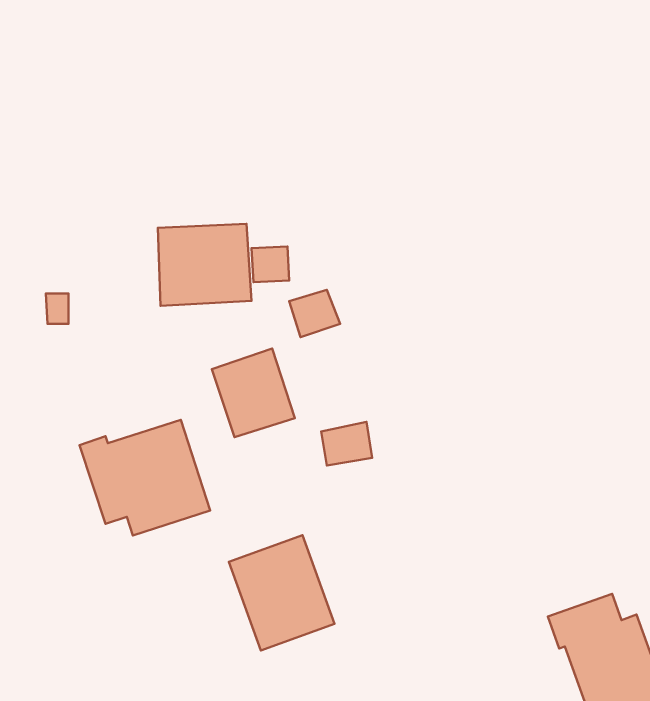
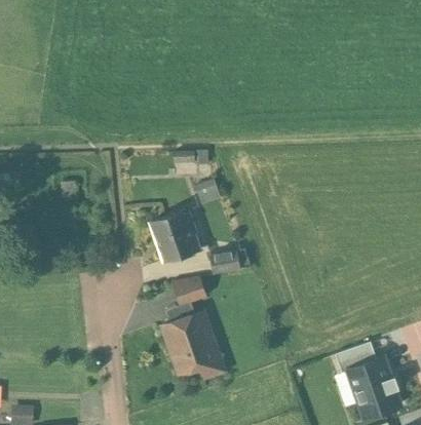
building: [158,224,251,306] -> none
building: [79,420,210,535] -> none
building: none -> [171,277,204,306]

